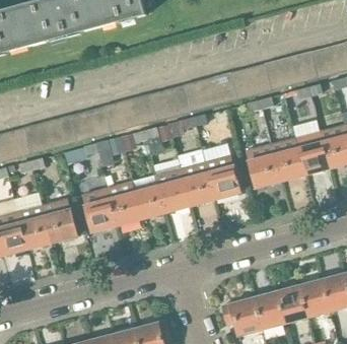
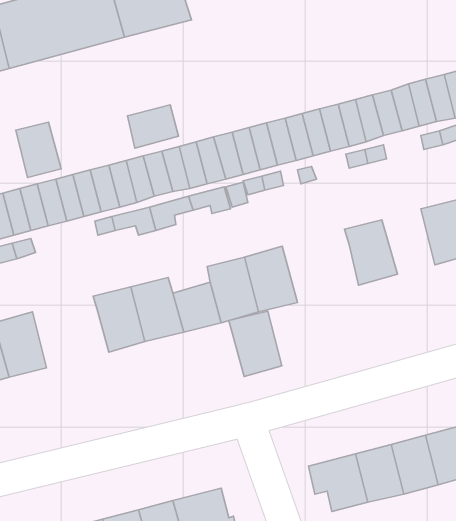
building: none -> [127,105,179,148]
building: none -> [16,122,61,178]
building: [270,138,304,181] -> none
building: [205,156,239,199] -> [229,311,282,377]
building: [43,199,76,242] -> none

